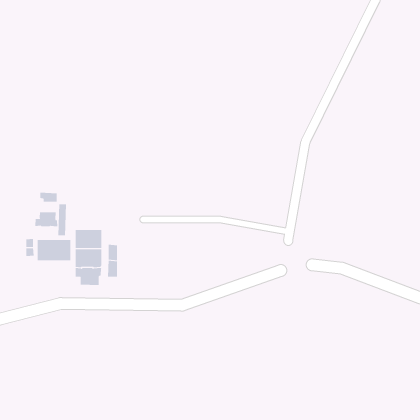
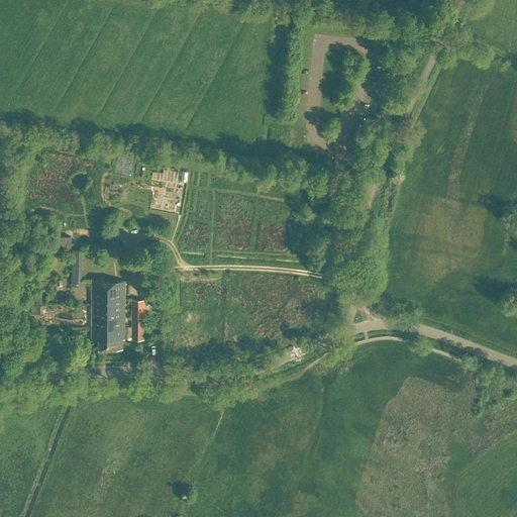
building: [35,212,58,228] -> none
building: [37,239,71,261] -> none

